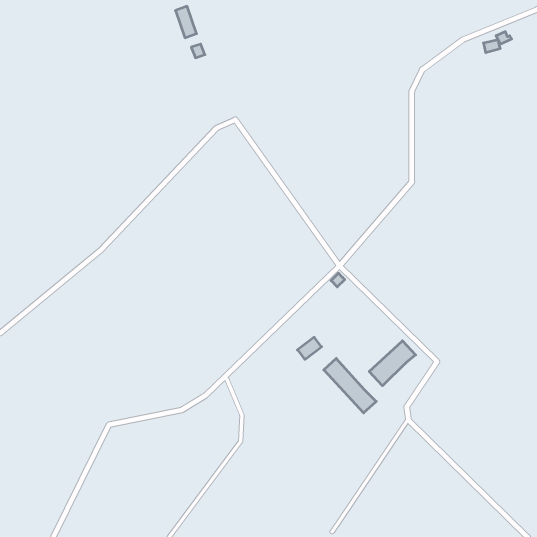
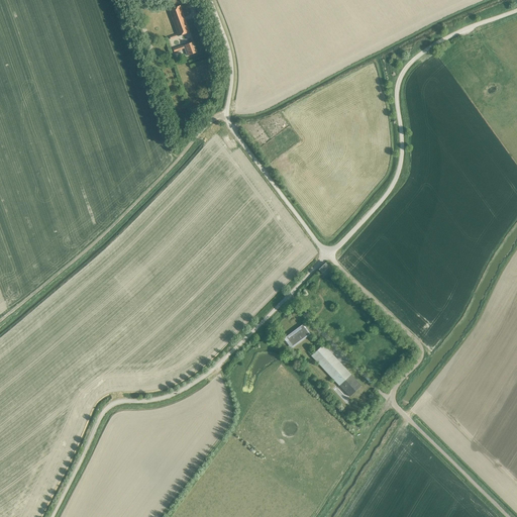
building: [369,341,416,386] -> none

